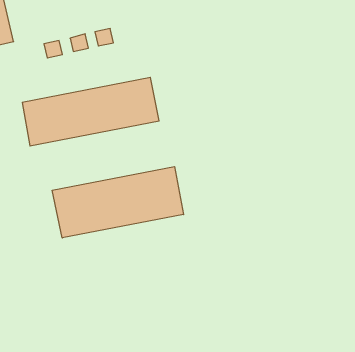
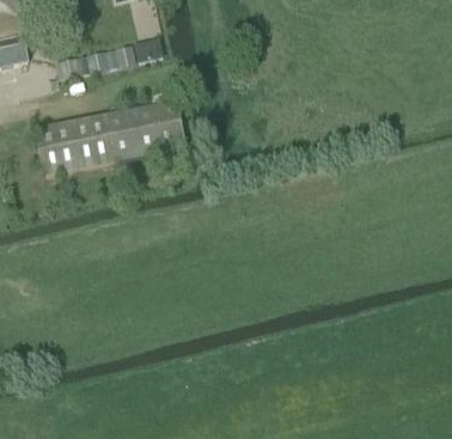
building: [52,167,184,238] -> none

